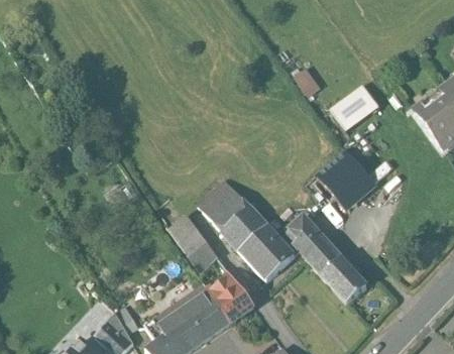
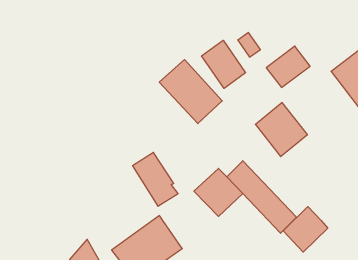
building: none -> [202,40,246,88]
building: [197,178,272,254] -> [159,60,222,124]
building: [206,272,253,323] -> none
building: none -> [283,207,328,252]

